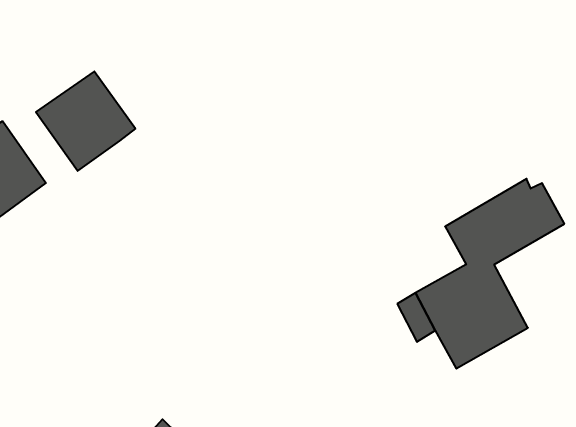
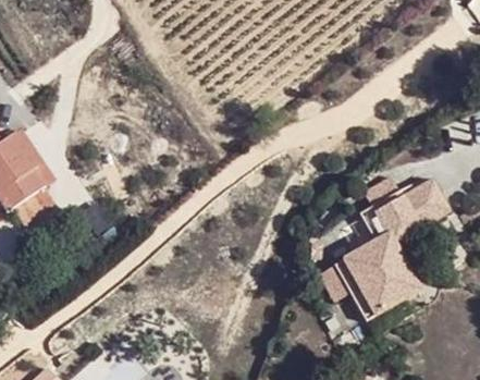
building: [36,71,135,171] -> none

